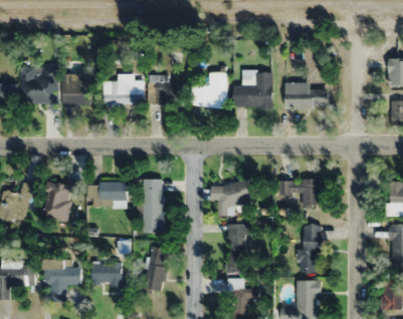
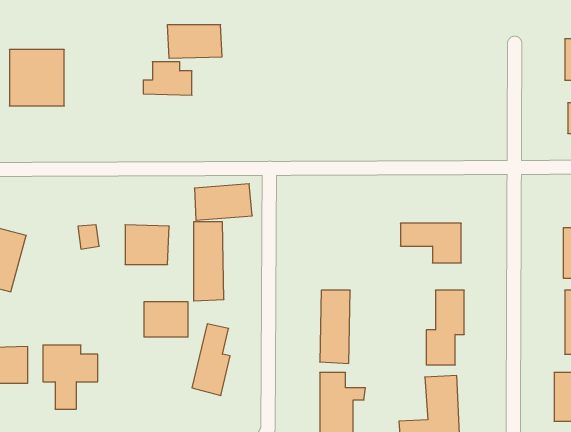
building: [197,73,227,107] -> none
building: [64,74,91,106] -> none
building: [234,74,272,108] -> none
building: [149,82,185,104] -> [167,25,222,58]
building: [284,83,329,108] -> none
building: [213,183,251,207] -> [194,184,252,220]
building: [44,185,63,220] -> none
building: [91,263,121,286] -> [144,302,188,337]

